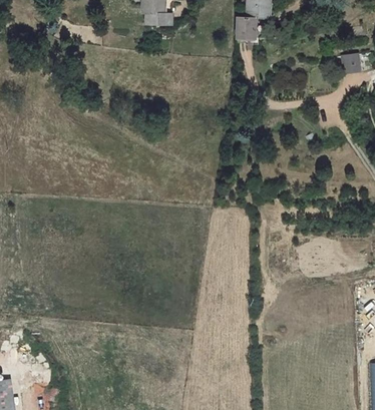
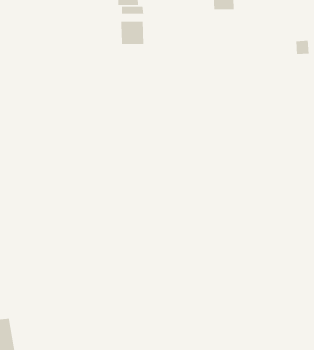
building: [239,19,257,40] -> none
building: none -> [120,21,144,45]

